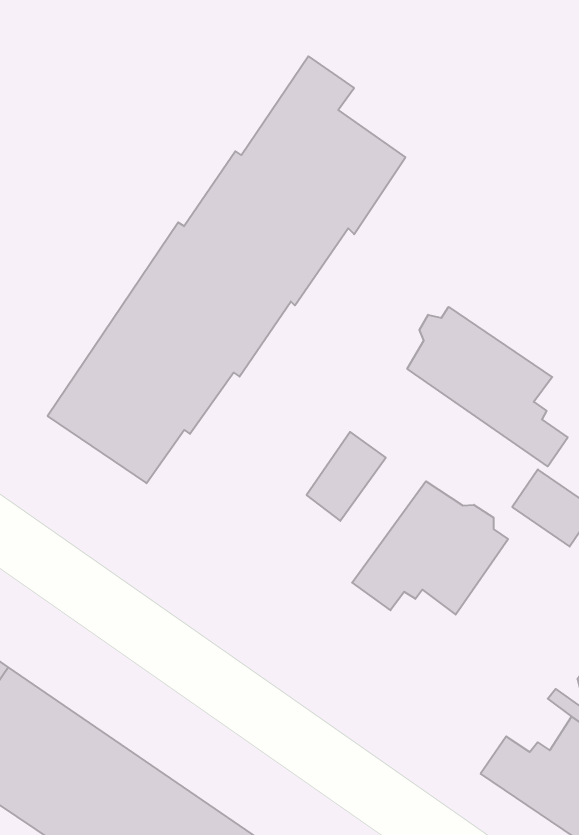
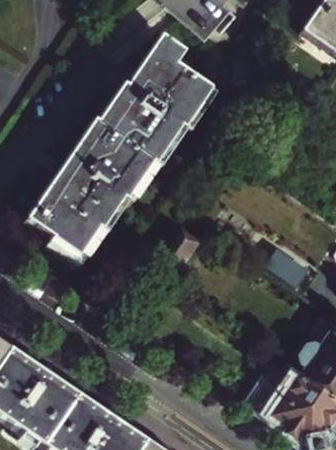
building: [407,307,568,466] -> none
building: [352,481,508,615] -> none

